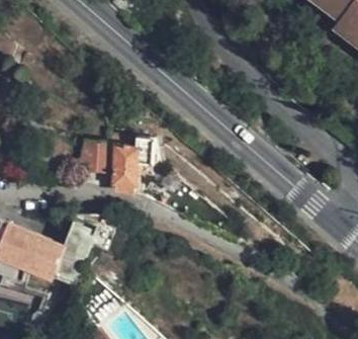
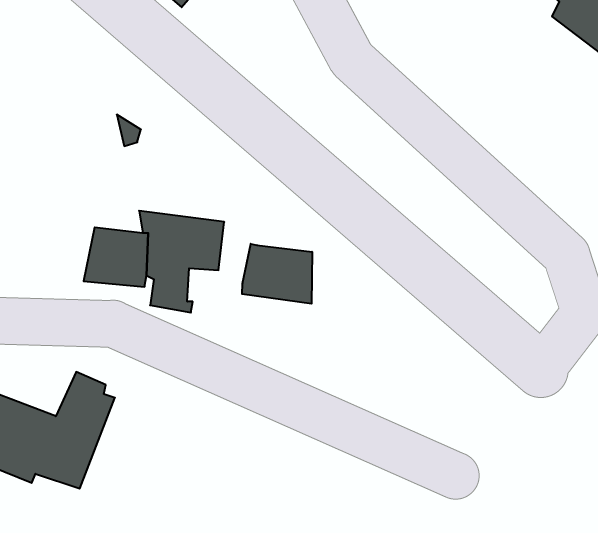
building: none -> [242,244,312,304]

